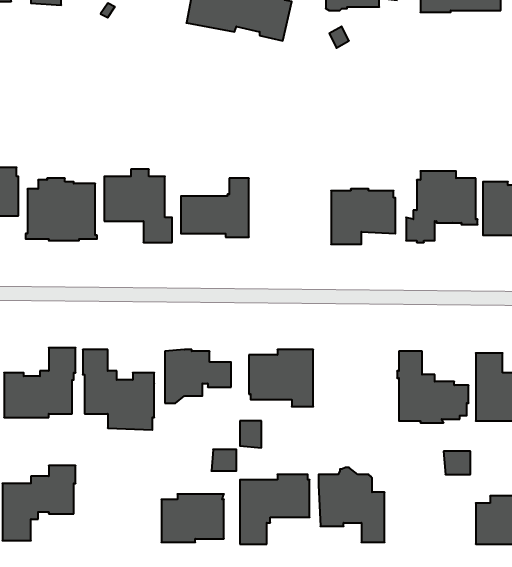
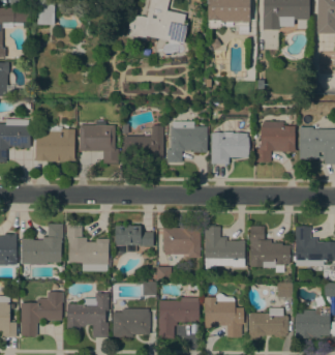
building: none -> [166,121,207,161]
building: none -> [204,224,245,271]
building: none -> [67,292,109,337]
building: none -> [248,307,288,337]

